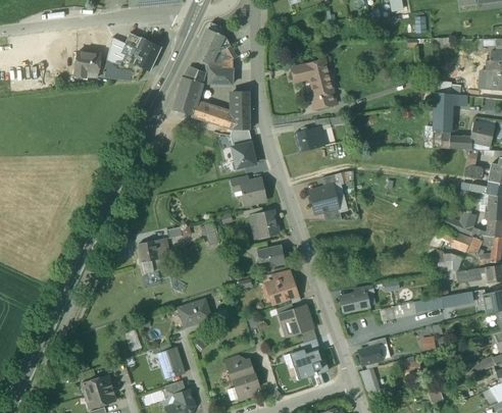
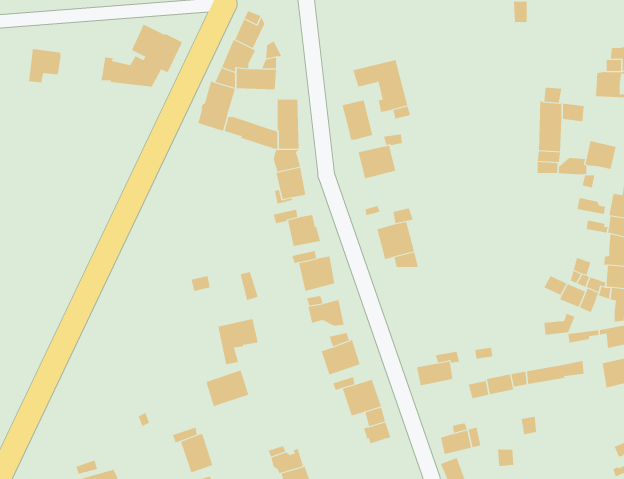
building: [74,51,100,78] -> [28,48,61,83]
building: none -> [342,99,373,141]
building: [138,238,169,273] -> [217,318,259,365]
building: [292,350,328,375] -> none

